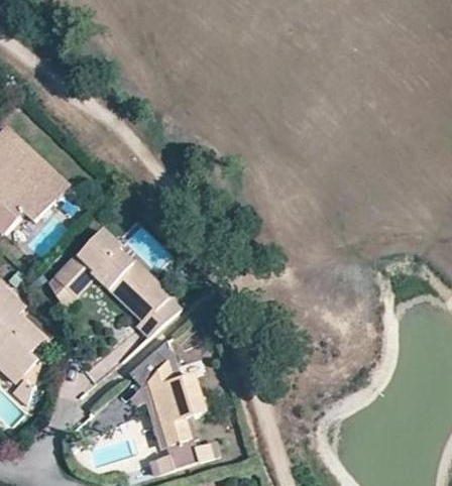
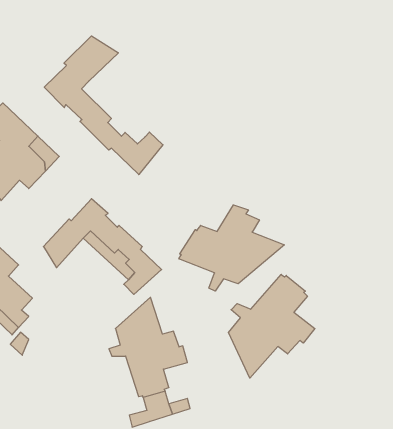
building: none -> [44,36,163,175]
building: none -> [179,205,284,291]
building: none -> [229,274,315,378]

